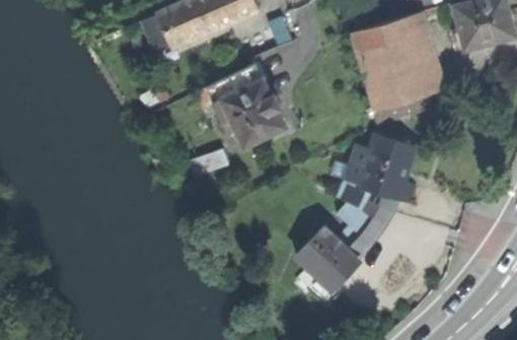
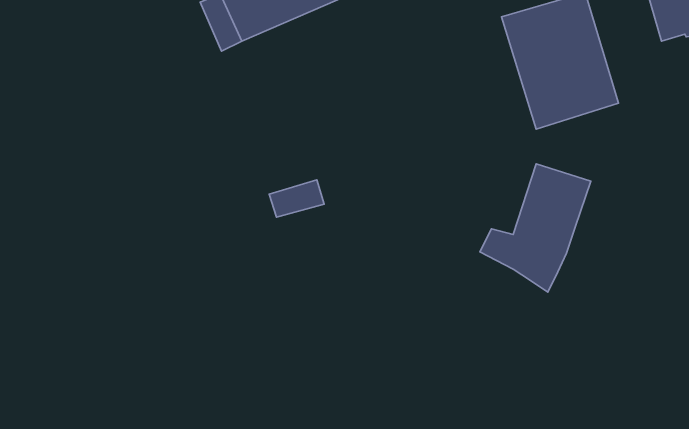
building: [204,64,287,145] -> none
building: [298,216,386,290] -> none

